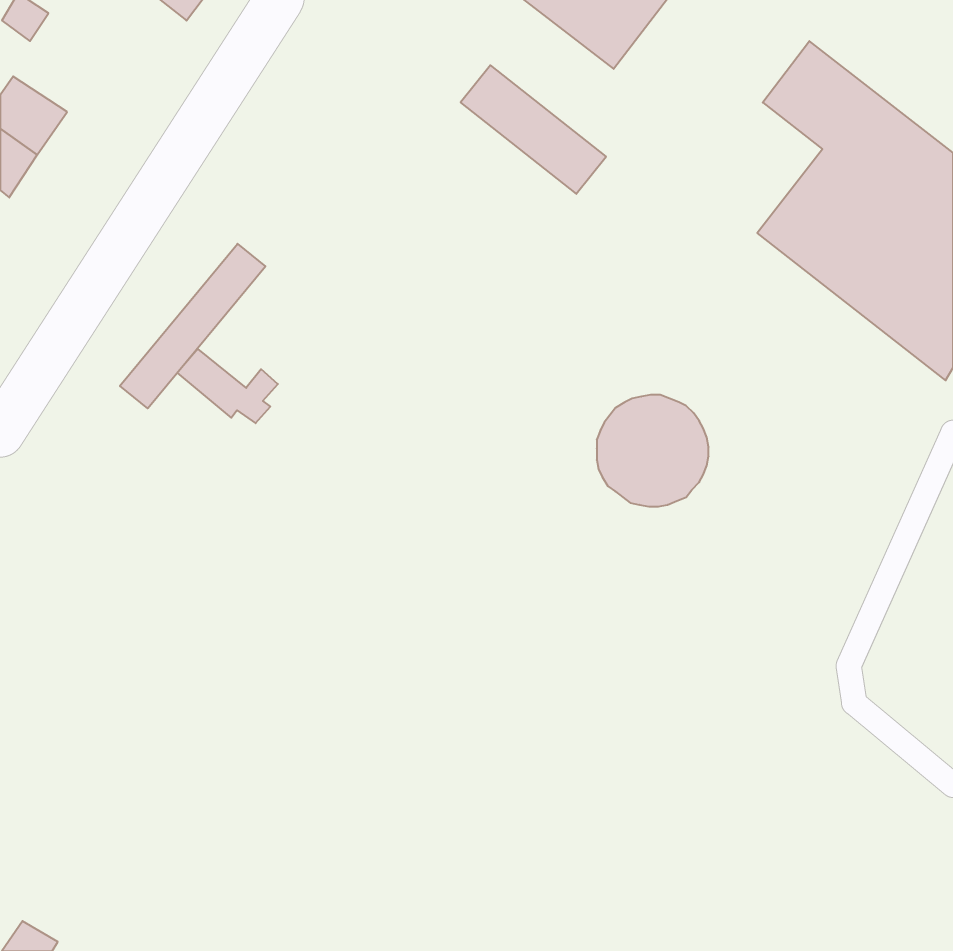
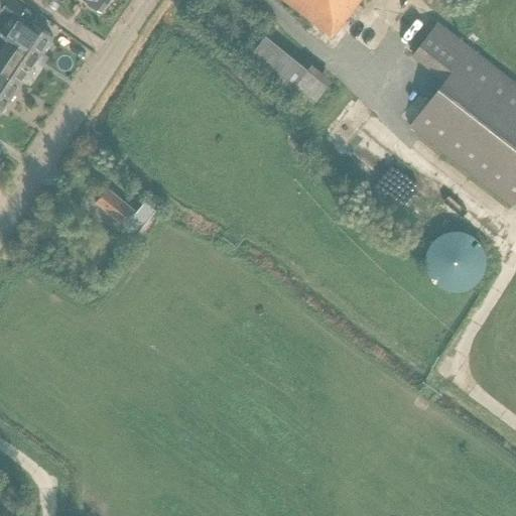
building: none -> [7,18,52,60]
building: [120,244,265,408] -> none
building: [597,395,709,507] -> [426,231,487,291]

